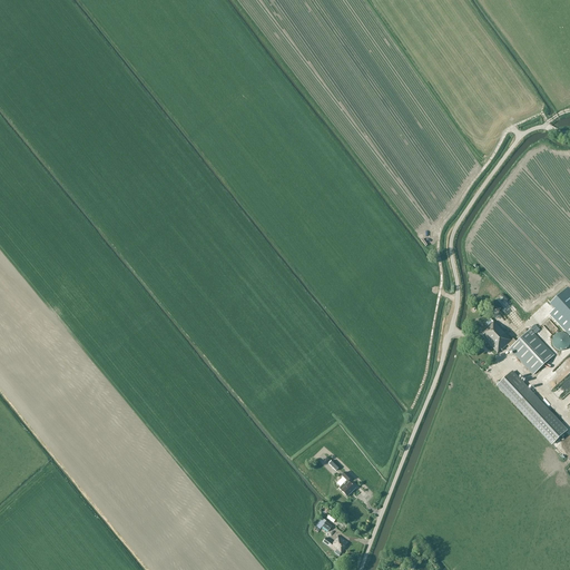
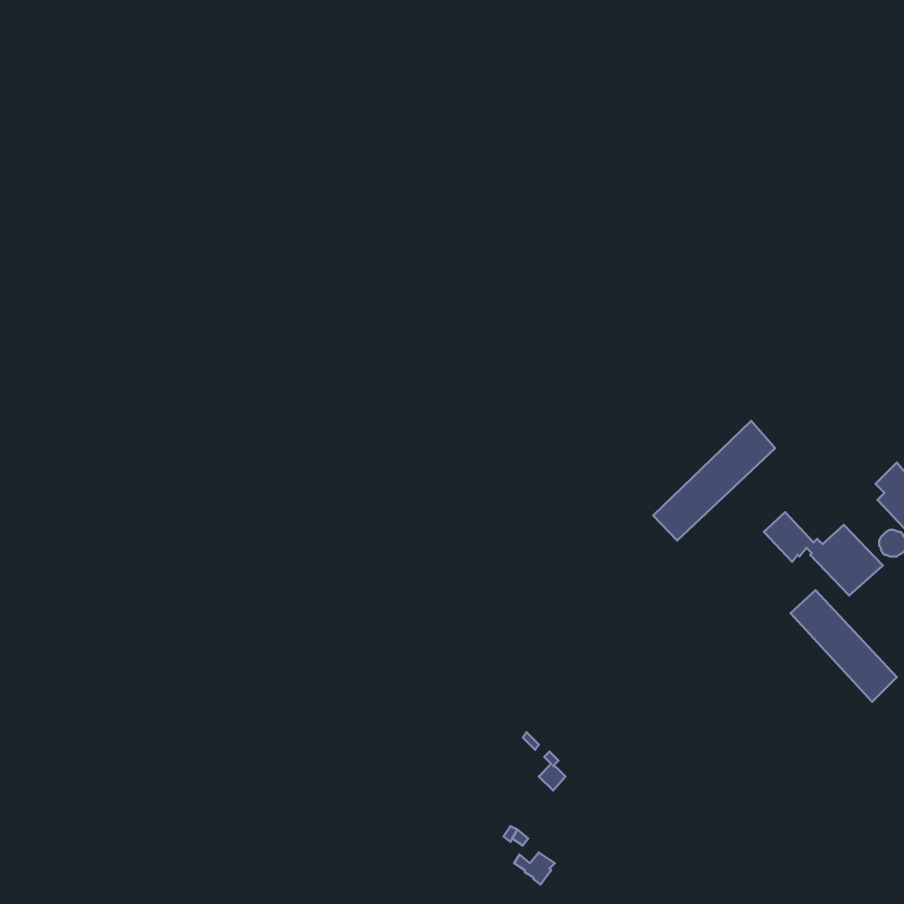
building: none -> [653,421,775,541]

